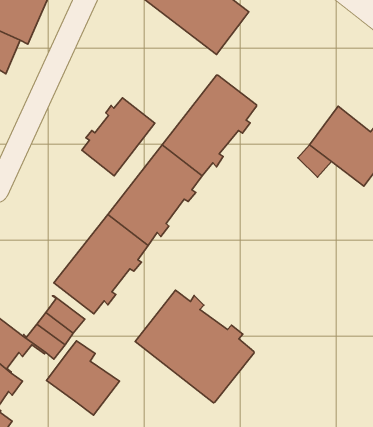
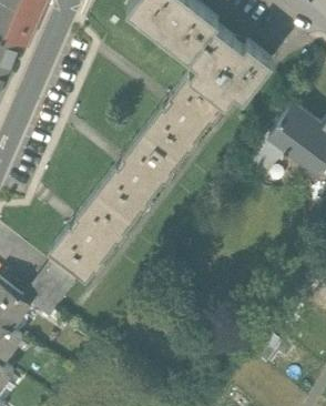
building: none -> [189,24,269,100]
building: [82,98,155,176] -> none
building: [135,290,254,403] -> none
building: [46,341,119,415] -> none

